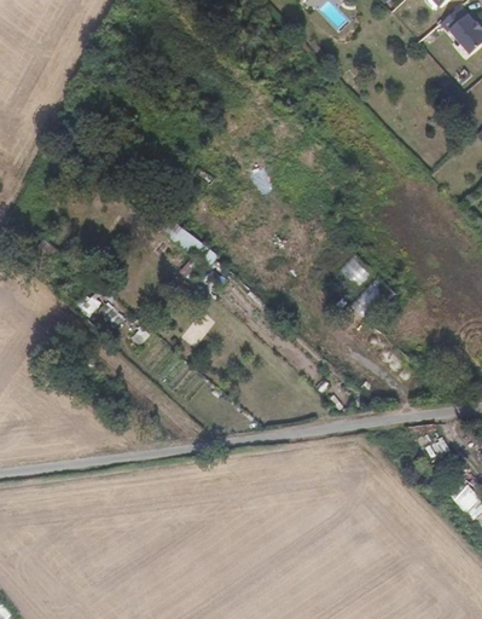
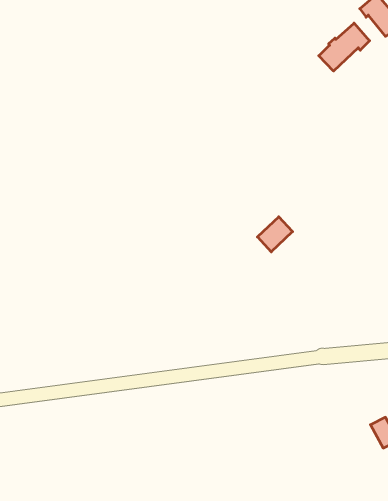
building: none -> [319,23,370,71]

